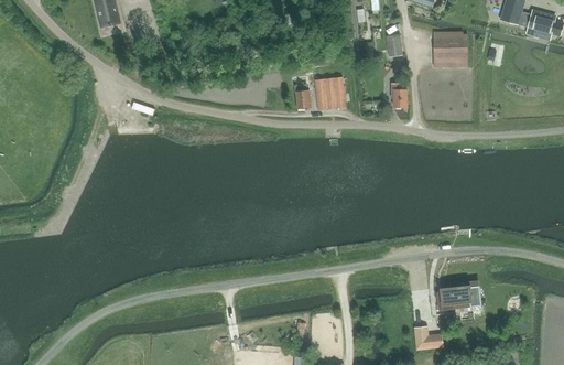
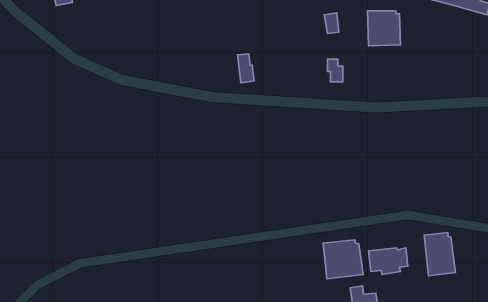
building: [316,77,345,110] -> none
building: none -> [424,232,455,276]
building: none -> [323,240,363,279]

